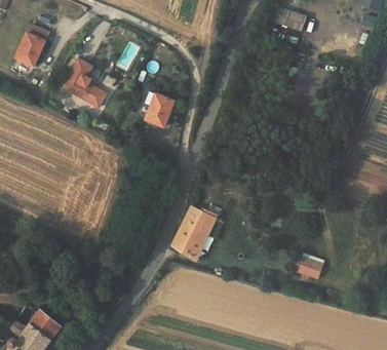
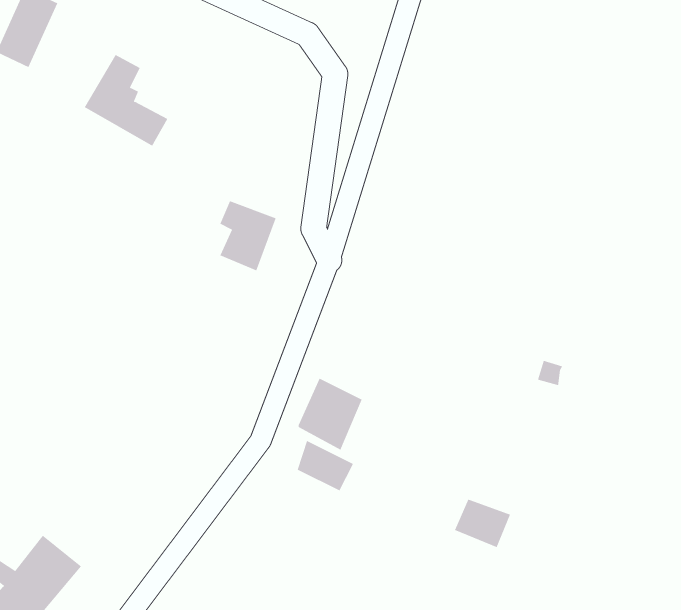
building: [144,90,173,127] -> [220,200,276,271]
building: [185,212,215,239] -> [297,440,354,491]
building: [294,255,323,280] -> [454,499,511,548]

